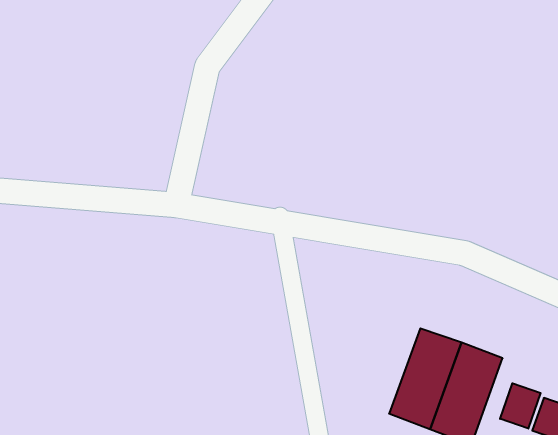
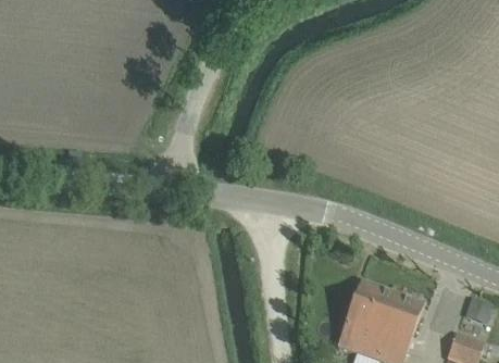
building: [500,383,541,429] -> none

